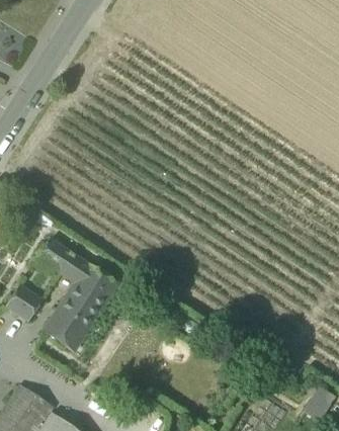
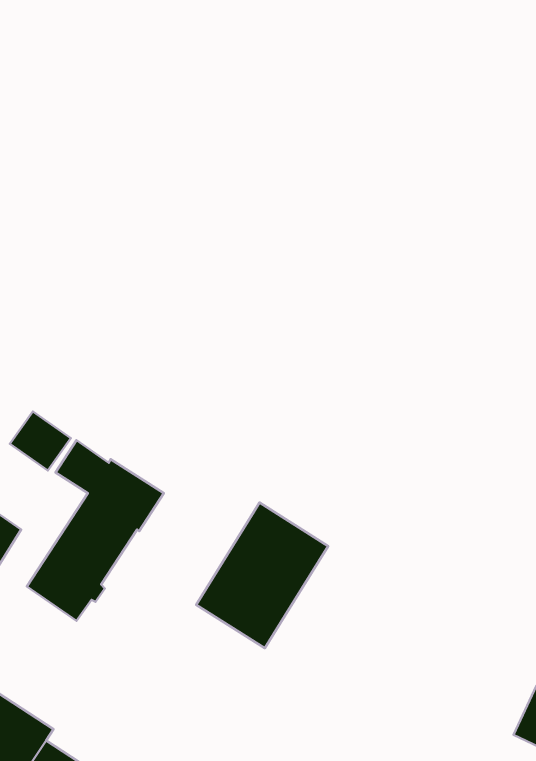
building: none -> [196,503,328,648]

